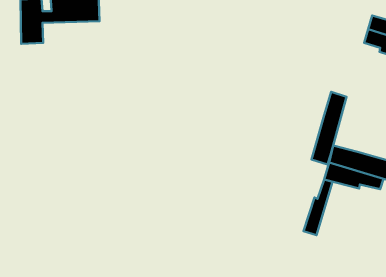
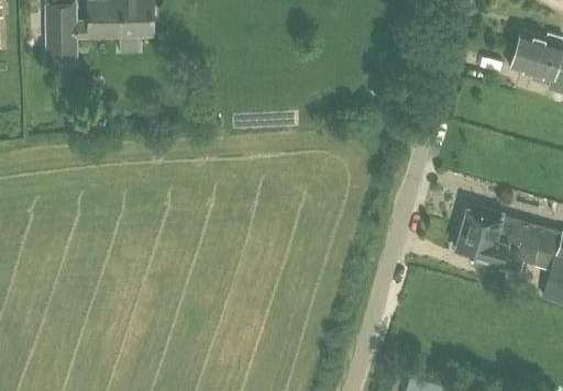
building: [311,92,346,164] -> none
building: [303,180,332,235] -> none

